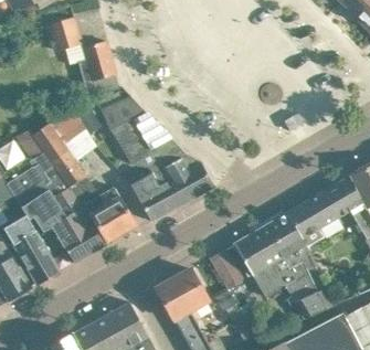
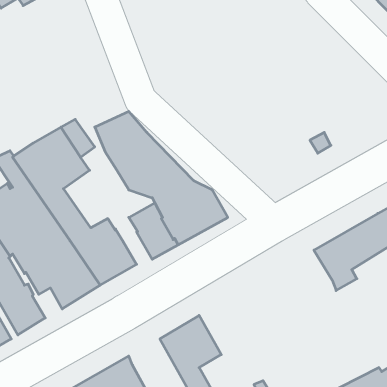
building: [49,18,119,97] -> none
building: [234,213,331,318] -> none
building: [209,250,243,289] -> none

